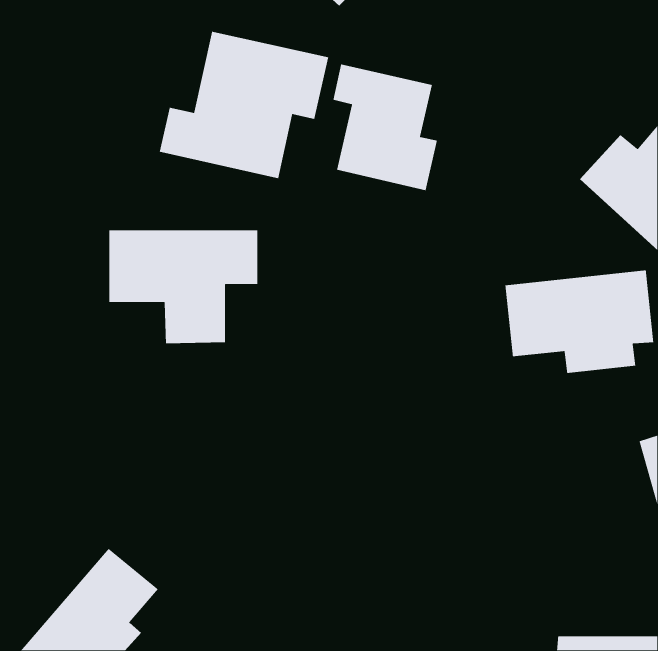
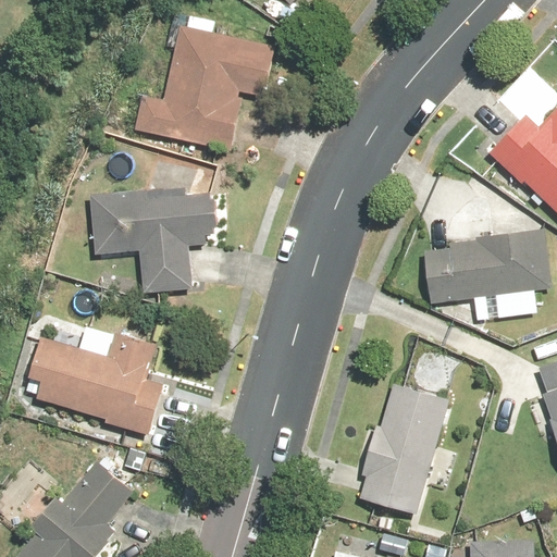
building: [332,64,438,191] -> none
building: none -> [22,327,163,435]
building: none -> [354,379,453,517]

